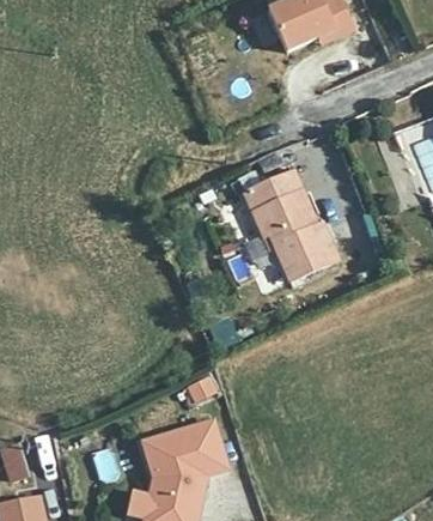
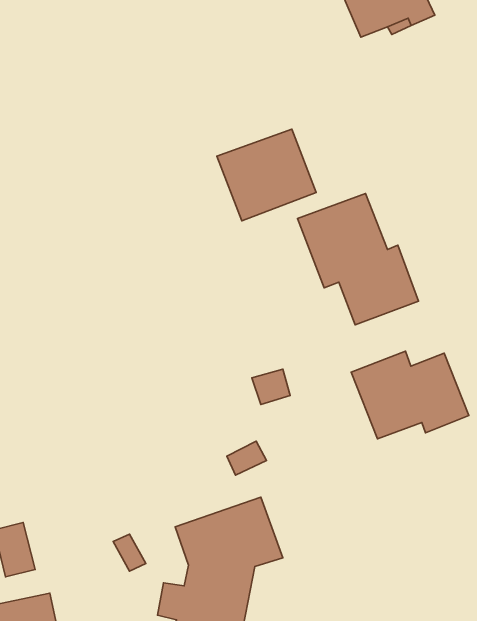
building: none -> [217,129,316,221]
building: none -> [351,351,469,439]

